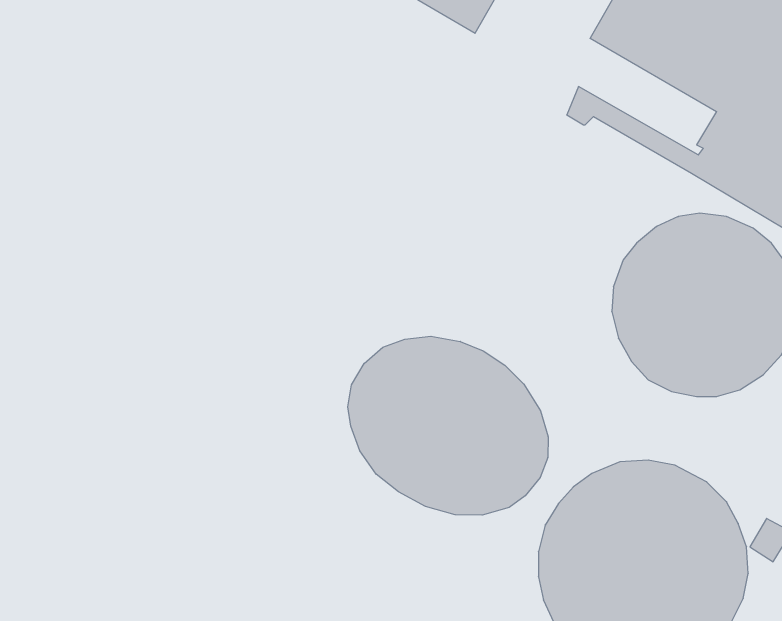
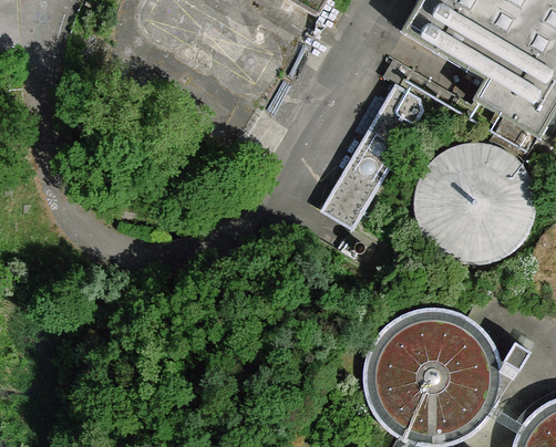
building: none -> [320,84,425,231]
building: [348,336,548,515] -> none

